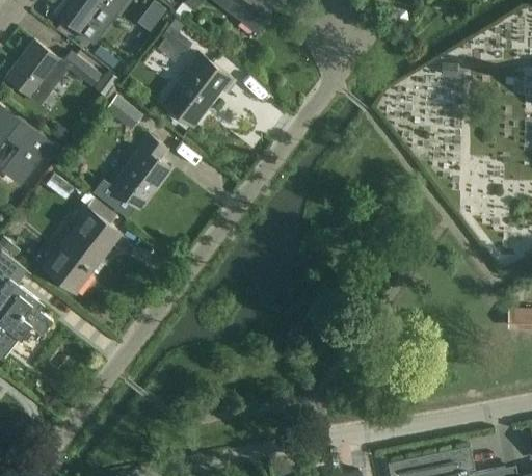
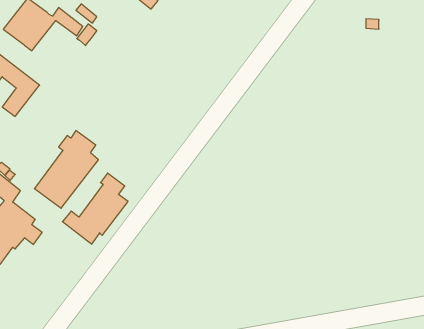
building: [161,53,235,126] -> none
building: [104,95,141,130] -> none
building: [91,133,170,218] -> [62,173,128,244]

